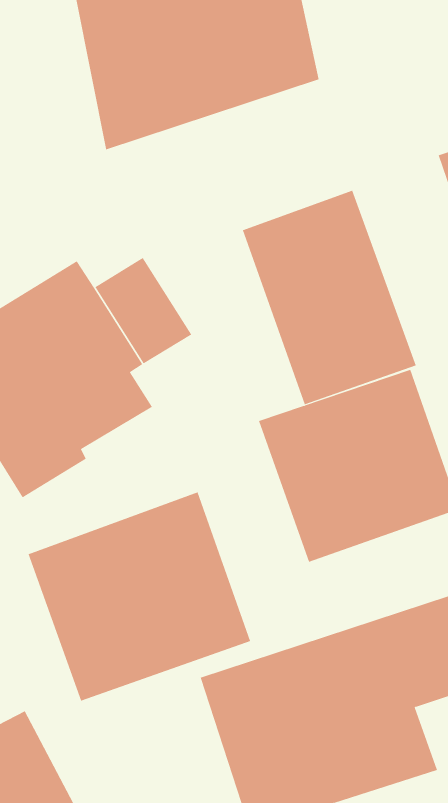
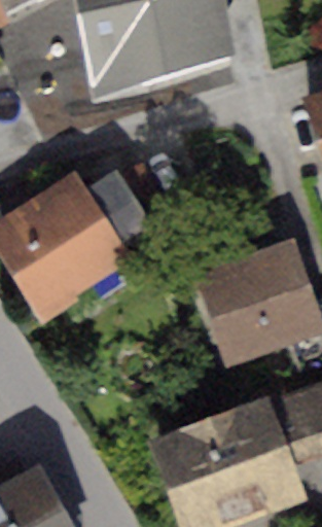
building: [242,190,417,405] -> none
building: [28,491,251,702] -> none

